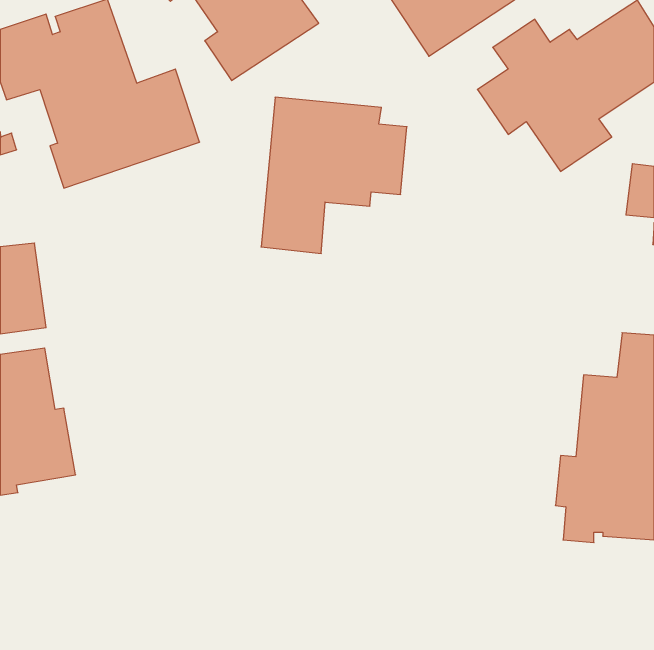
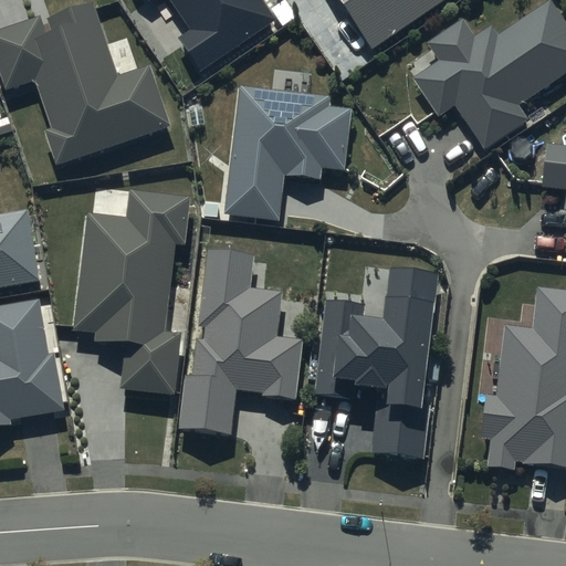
building: none -> [74,186,191,390]
building: none -> [181,248,302,432]
building: none -> [313,266,436,459]

